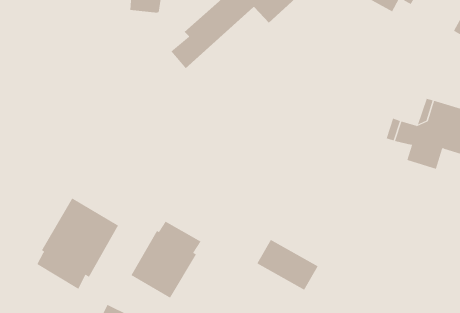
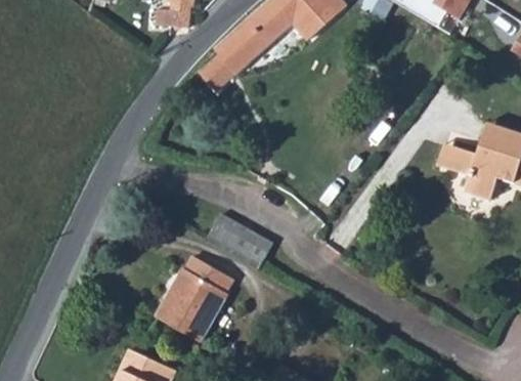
building: [37,198,119,290] -> none
building: [257,239,318,290] -> [206,212,273,268]

